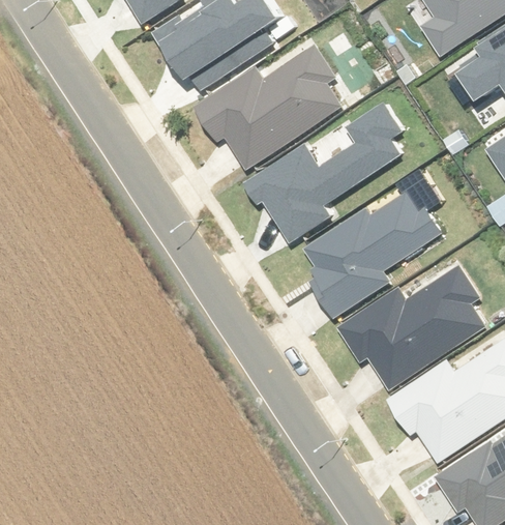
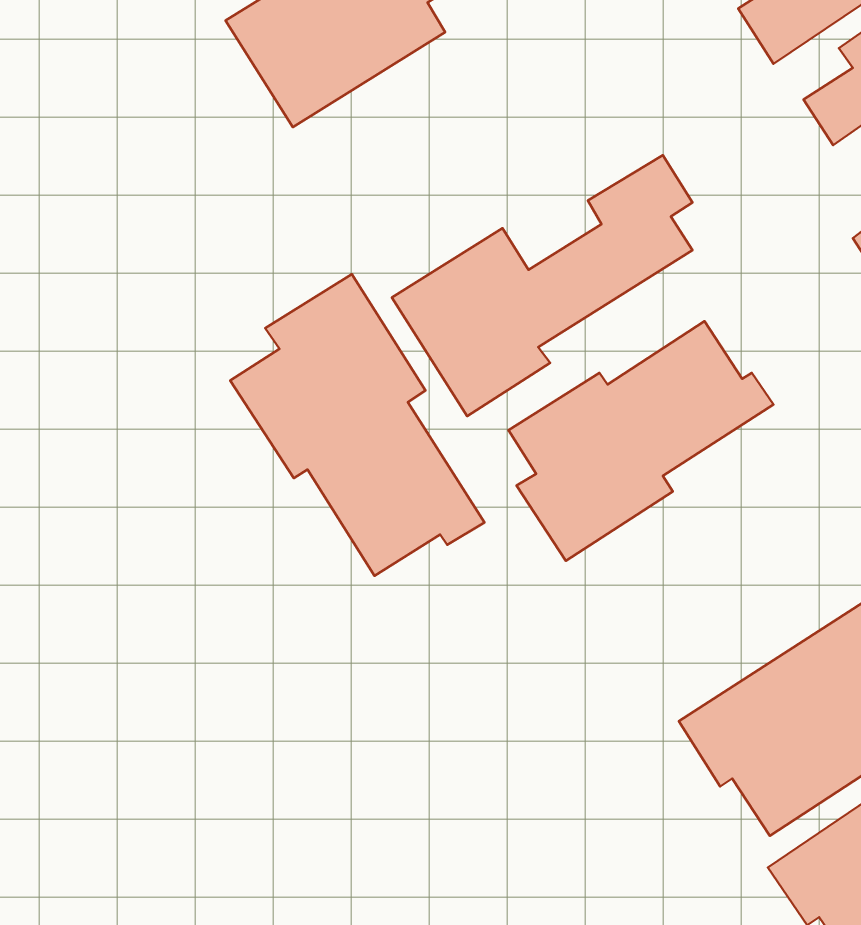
building: [196,43,345,167] -> none
building: none -> [230,274,485,576]
building: [341,269,484,386] -> none

